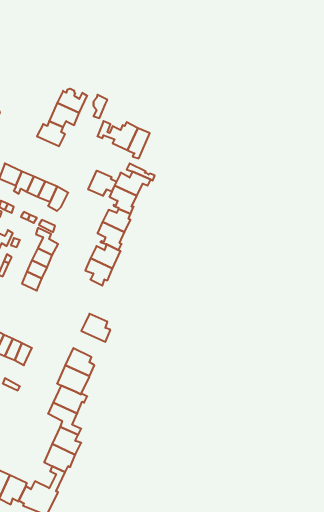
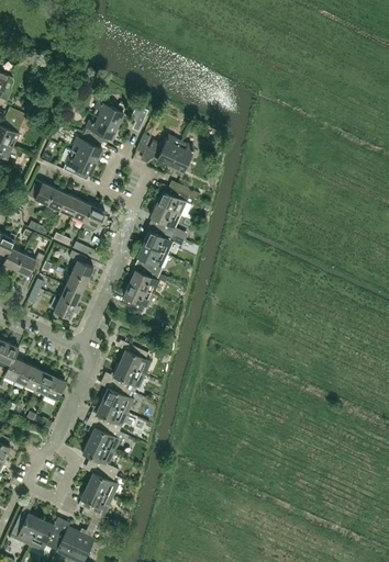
building: none -> [65,150,95,178]
building: [88,171,117,196] -> none
building: none -> [110,362,145,392]

